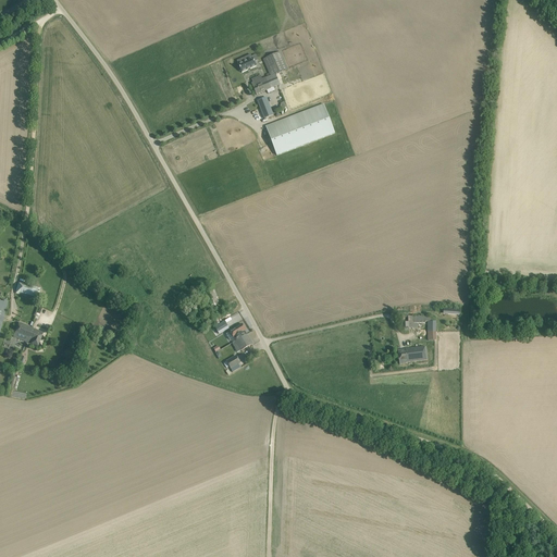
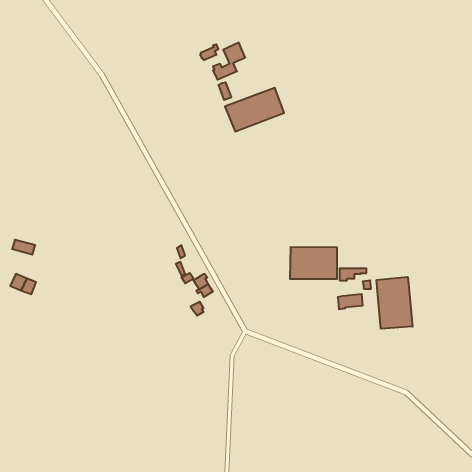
building: none -> [290,247,337,279]
building: none -> [377,277,413,329]

